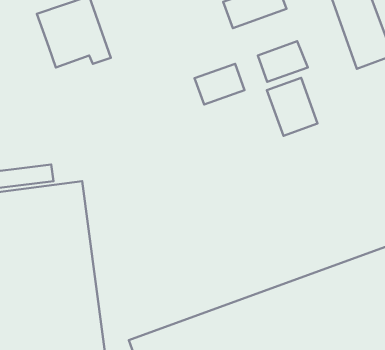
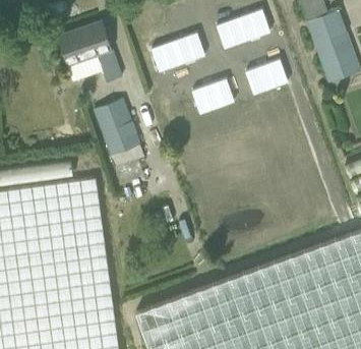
building: none -> [151,33,204,71]
building: [267,78,318,136] -> none
building: none -> [94,100,138,154]

